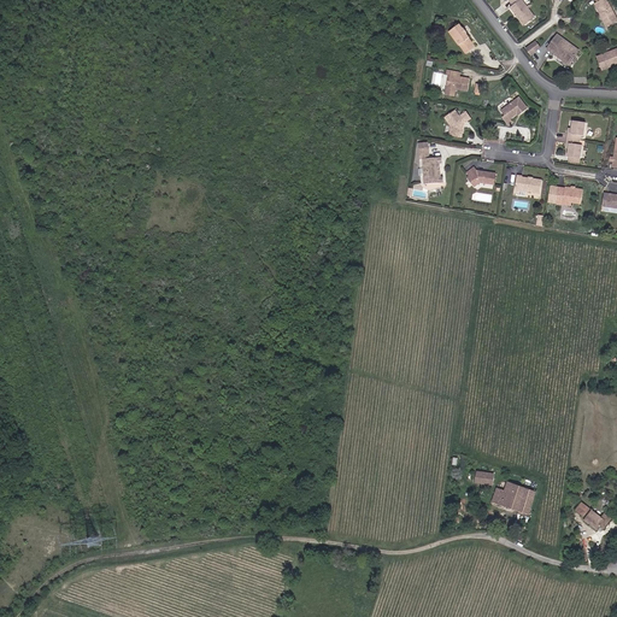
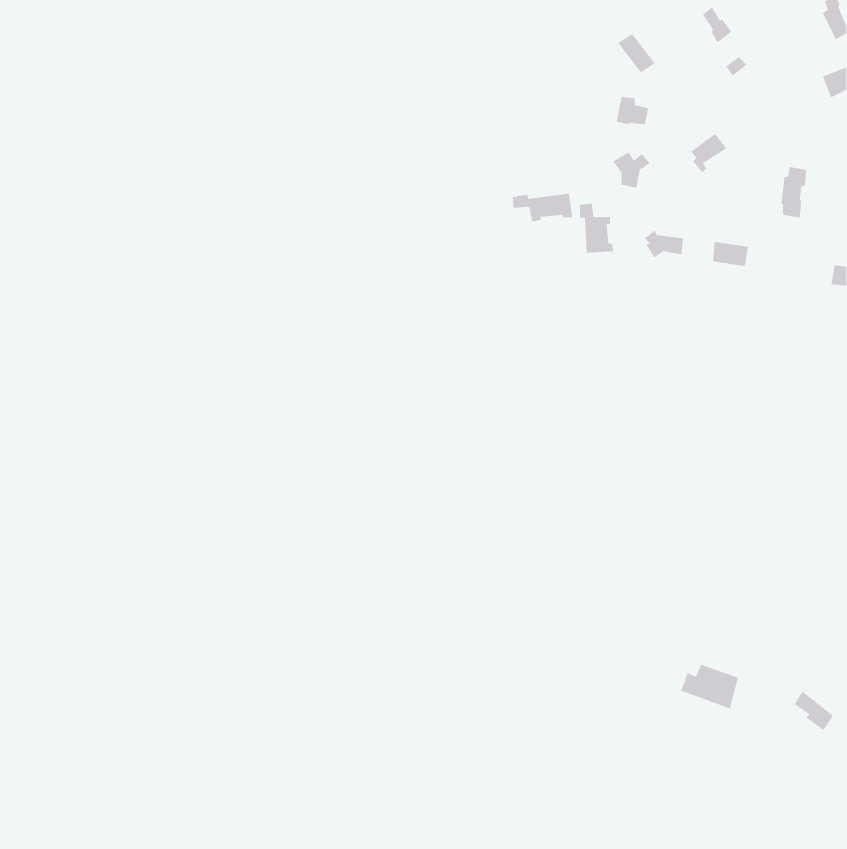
building: [545,34,578,65] -> none
building: none -> [512,193,573,222]
building: [548,184,583,205] -> none

